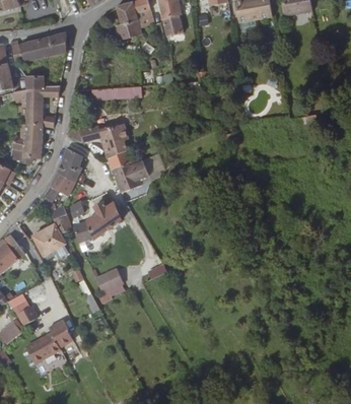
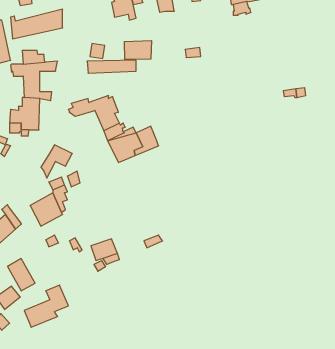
building: none -> [124,41,152,60]
building: [57,148,82,182] -> none
building: [71,201,121,243] -> none

